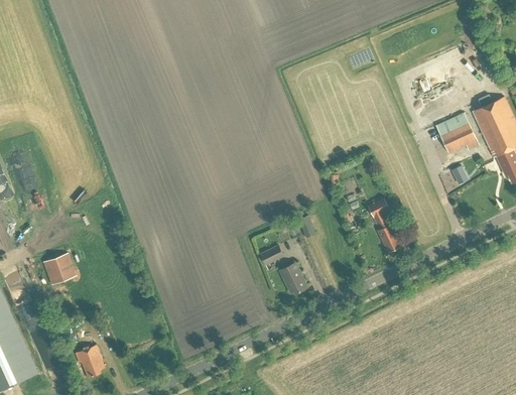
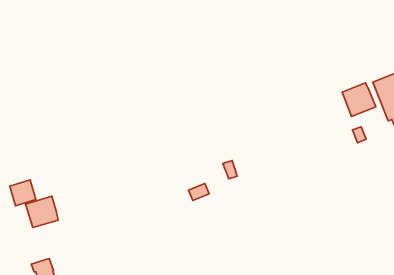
building: [367,199,400,252] -> none
building: [279,263,307,294] -> none
building: none -> [25,196,58,228]

